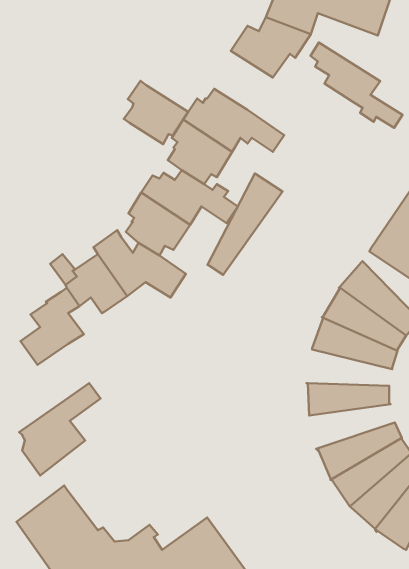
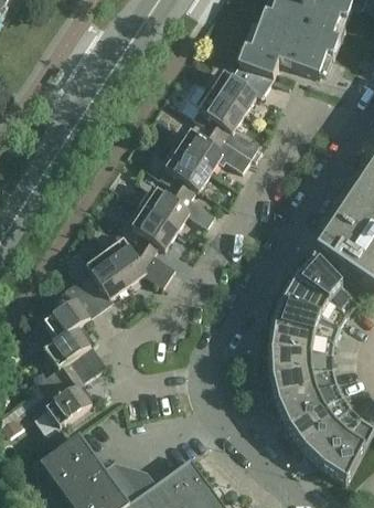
building: [311,43,402,128] -> none
building: [124,81,188,144] -> [191,87,242,137]
building: [208,174,282,275] -> none
building: none -> [35,322,97,391]
building: none -> [268,326,335,354]
building: none -> [270,369,338,404]

